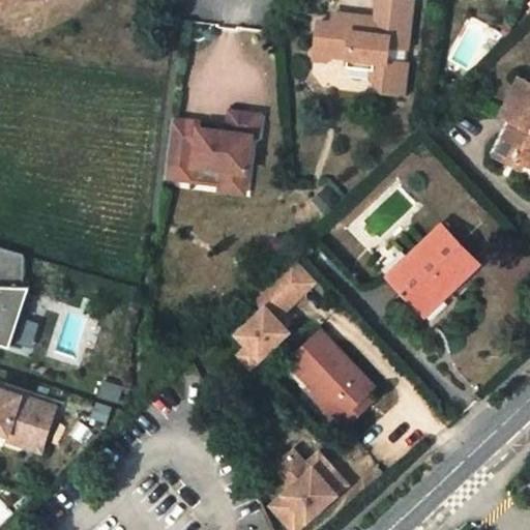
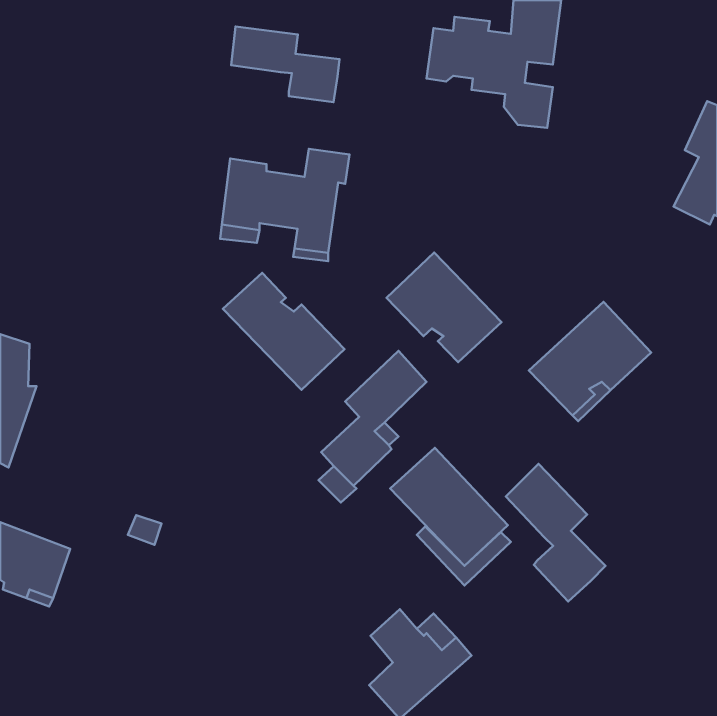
building: none -> [231,27,339,102]
building: none -> [387,253,502,362]
building: none -> [223,273,344,390]
building: none -> [506,464,606,601]

